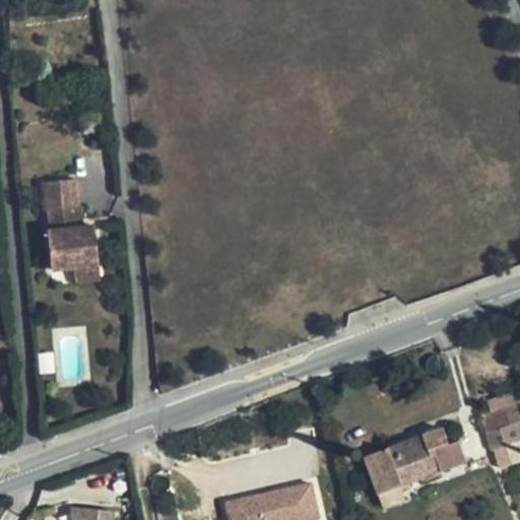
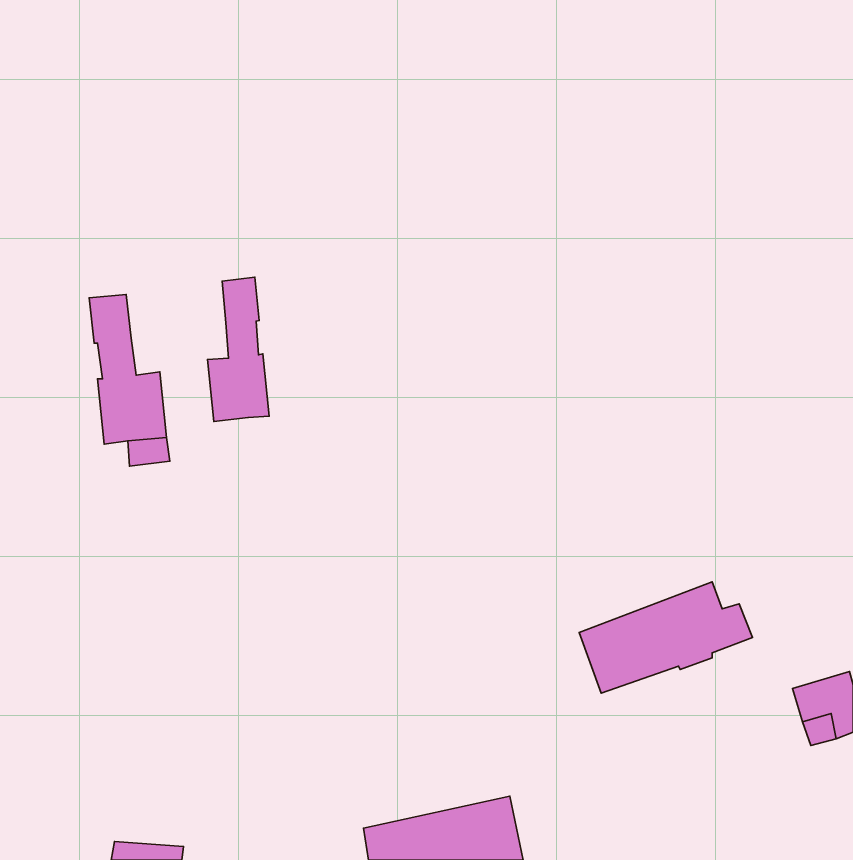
building: none -> [207,277,269,422]
building: [361,429,465,496] -> [579,582,753,693]

